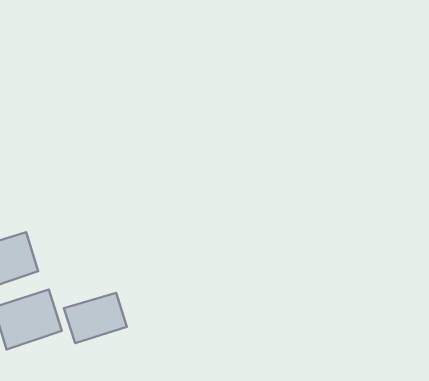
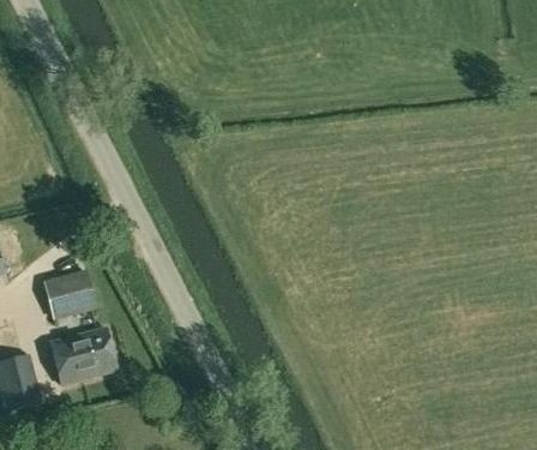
building: [64,293,127,343] -> none

